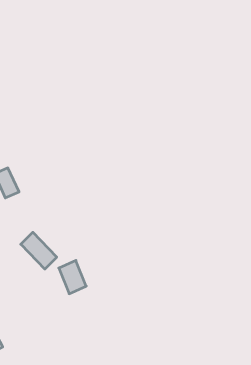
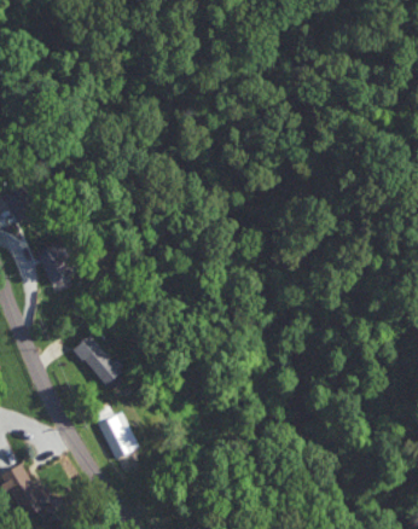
building: [59,260,86,294] -> [98,411,137,458]

